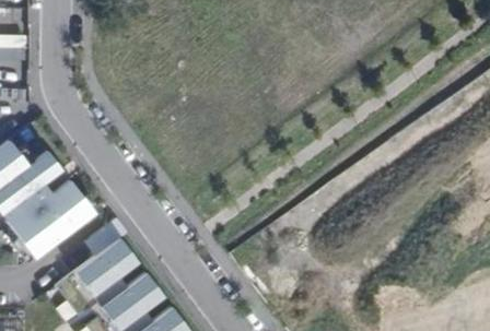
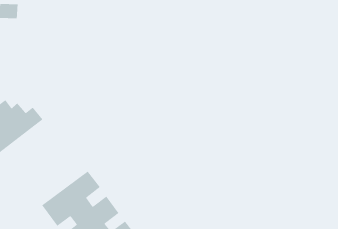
building: [10,180,93,258] -> none

